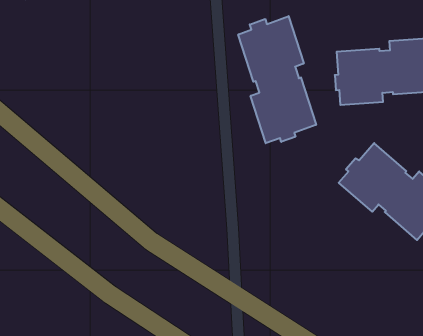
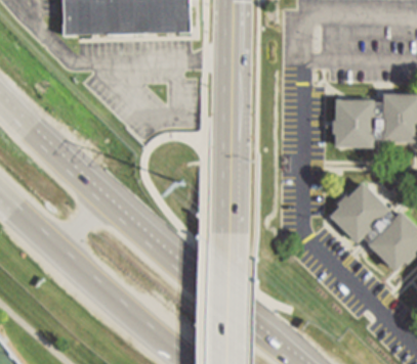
building: [238,16,316,143] -> none

